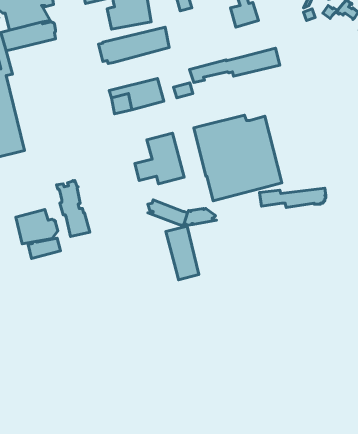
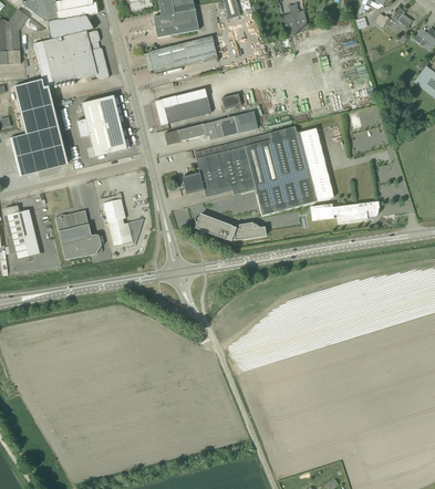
building: none -> [49,48,108,84]
building: [190,48,280,82] -> [165,111,258,146]
building: none -> [82,95,127,156]
building: [166,226,199,280] -> [220,139,255,195]
building: [28,238,60,258] -> [55,210,89,231]

